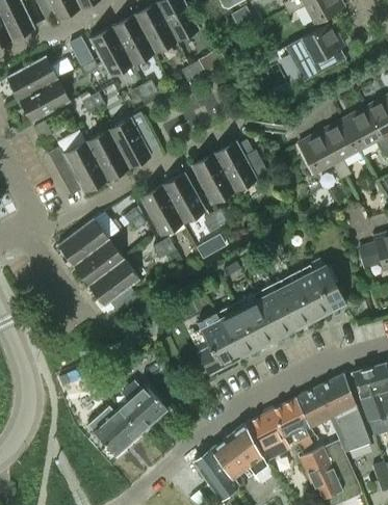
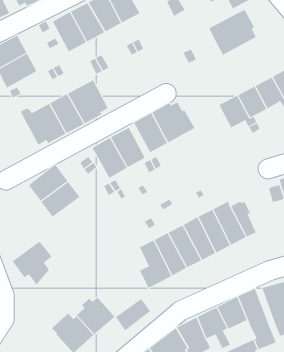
building: [88,260,139,316] -> [12,241,52,286]
building: none -> [115,298,151,331]

